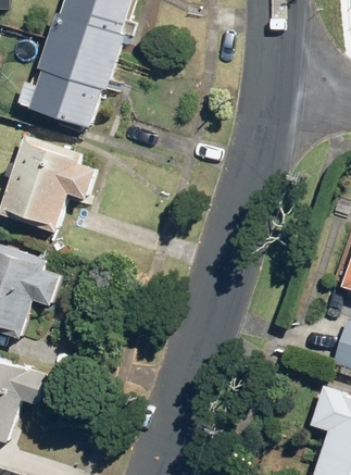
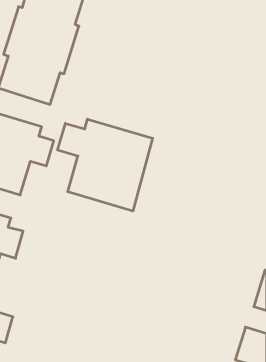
building: none -> [58,119,153,211]

